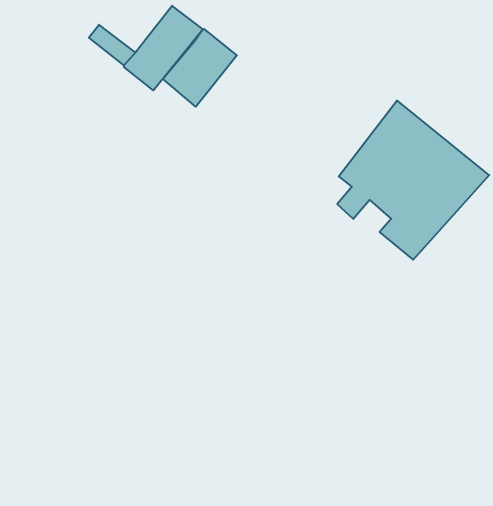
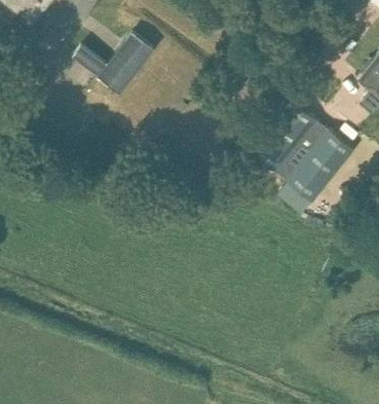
building: [163,29,237,107] -> none

